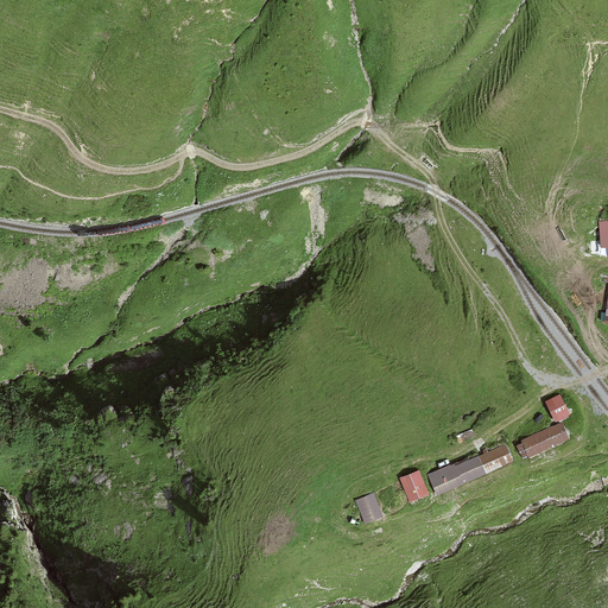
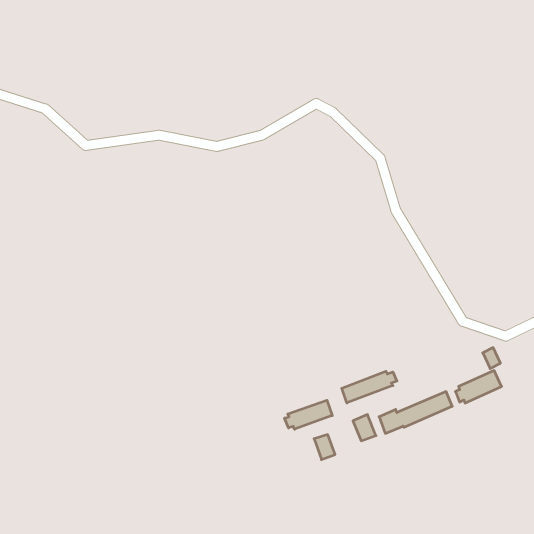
building: none -> [342,371,397,403]
building: none -> [285,400,332,429]

